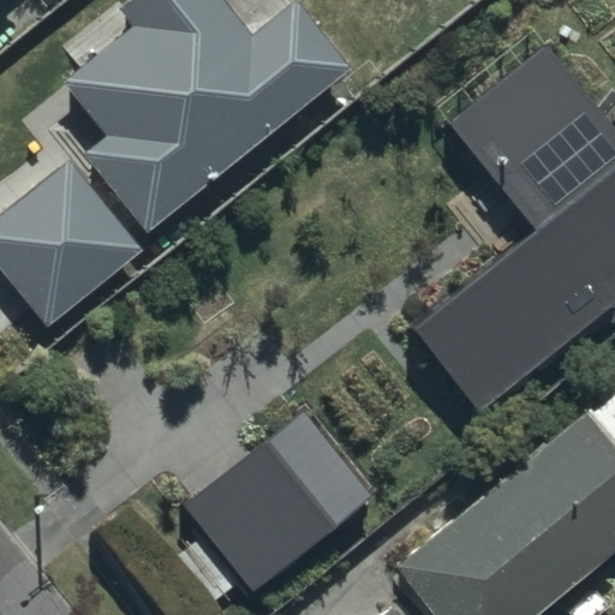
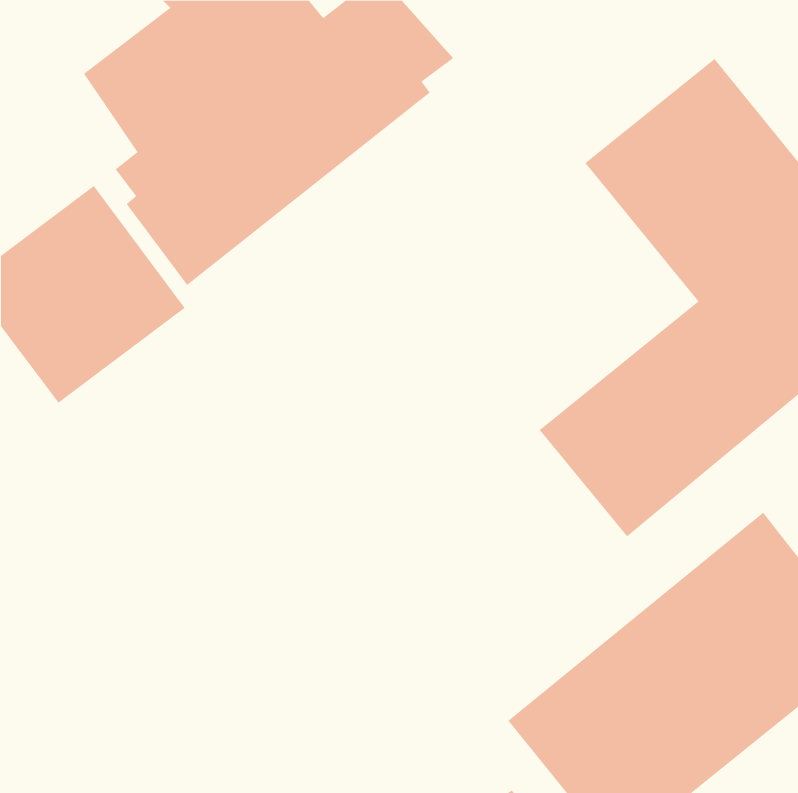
building: [185,413,380,599] -> none

